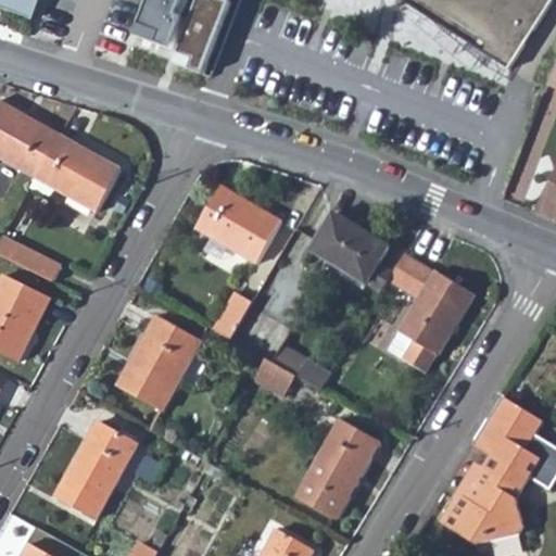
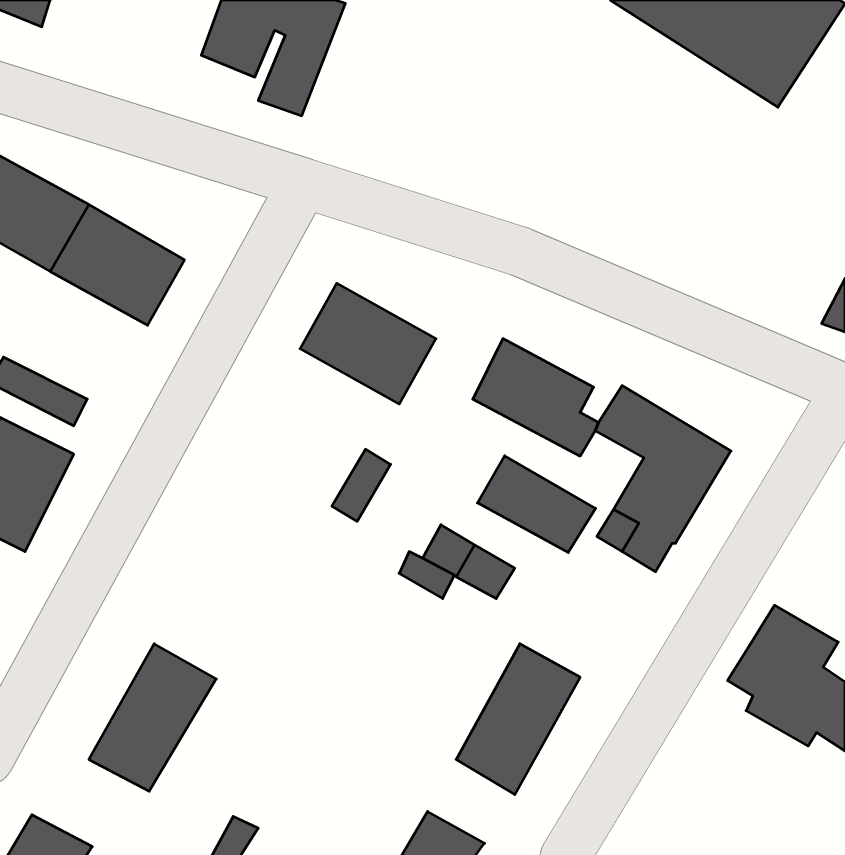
building: none -> [477,456,596,553]
building: [117,314,202,410] -> none
building: [440,462,525,541] -> none

